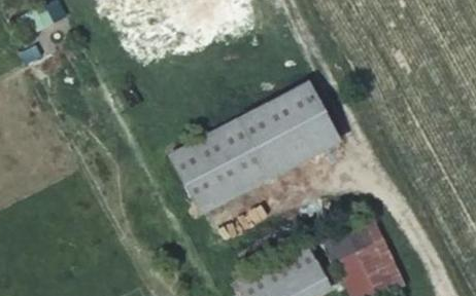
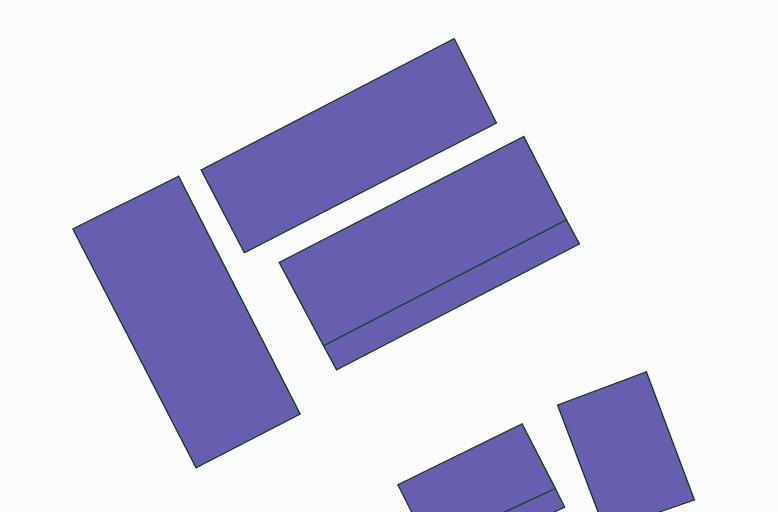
building: none -> [201,39,496,253]
building: none -> [73,176,300,468]

